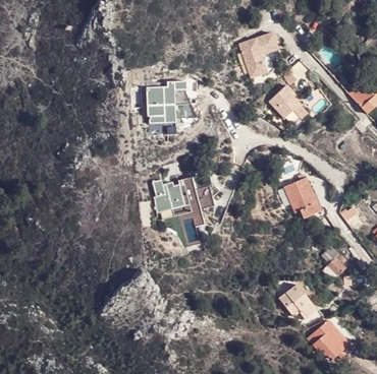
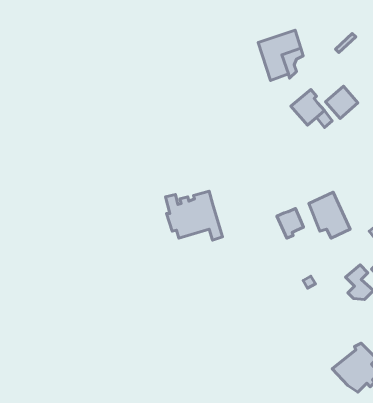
building: [144,74,192,131] -> none
building: none -> [277,208,304,238]
building: [277,286,316,321] -> none

